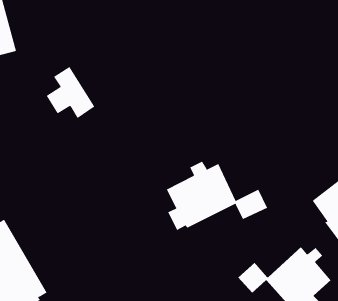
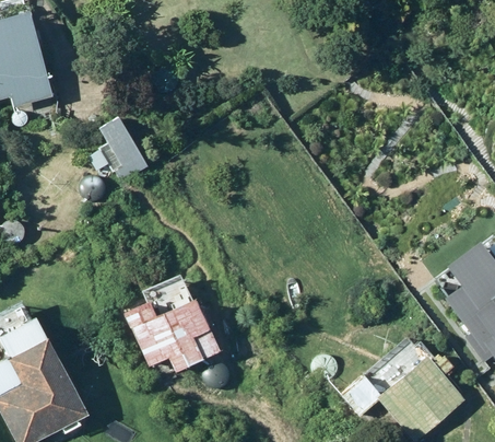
building: [166,161,268,231] -> none
building: none -> [125,293,217,372]

